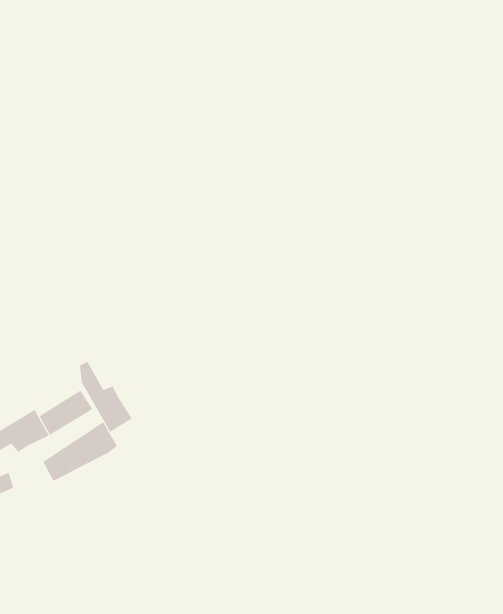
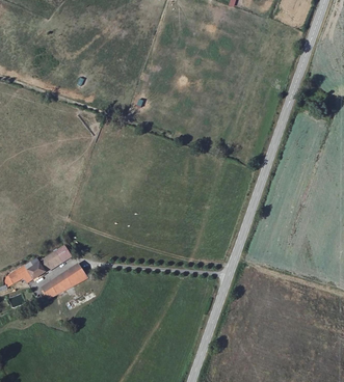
building: [79,361,133,433] -> none

